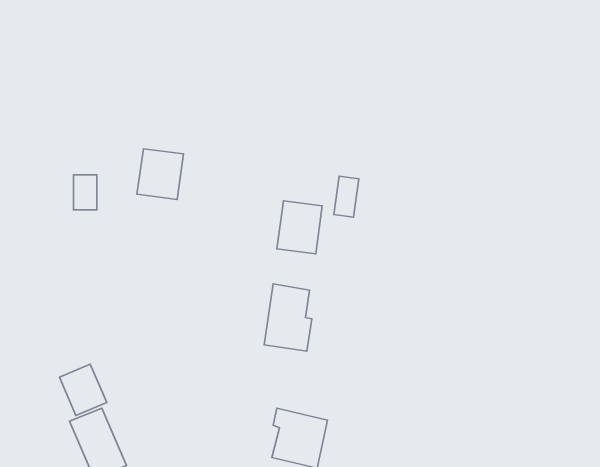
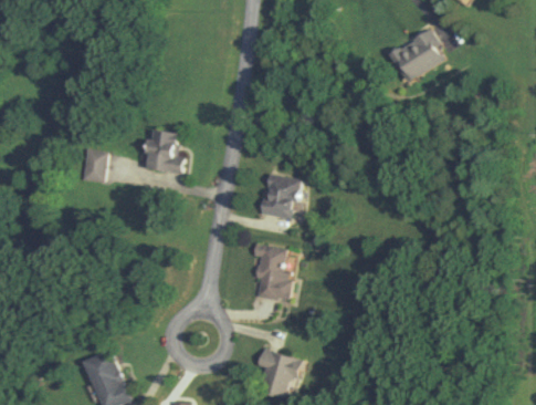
building: none -> [389,29,446,82]
building: [334,176,359,217] -> none
building: [59,364,107,416] -> none

